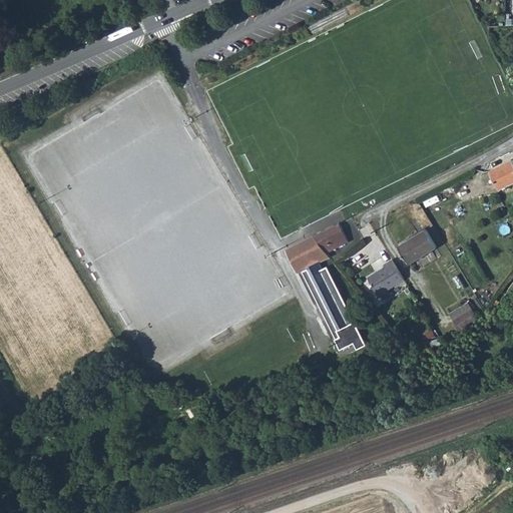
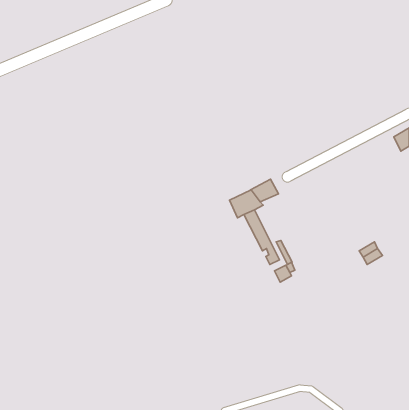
building: [397,231,435,265] -> none
building: [366,261,402,296] -> none

